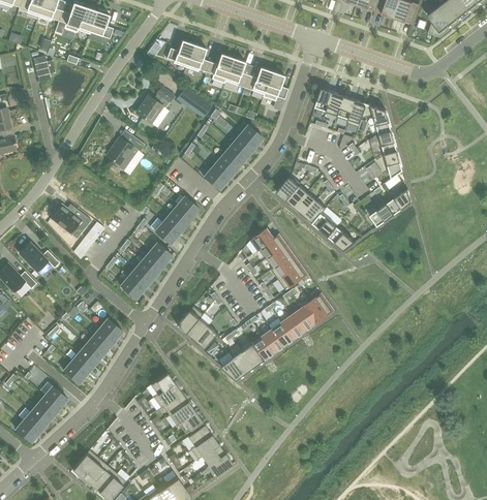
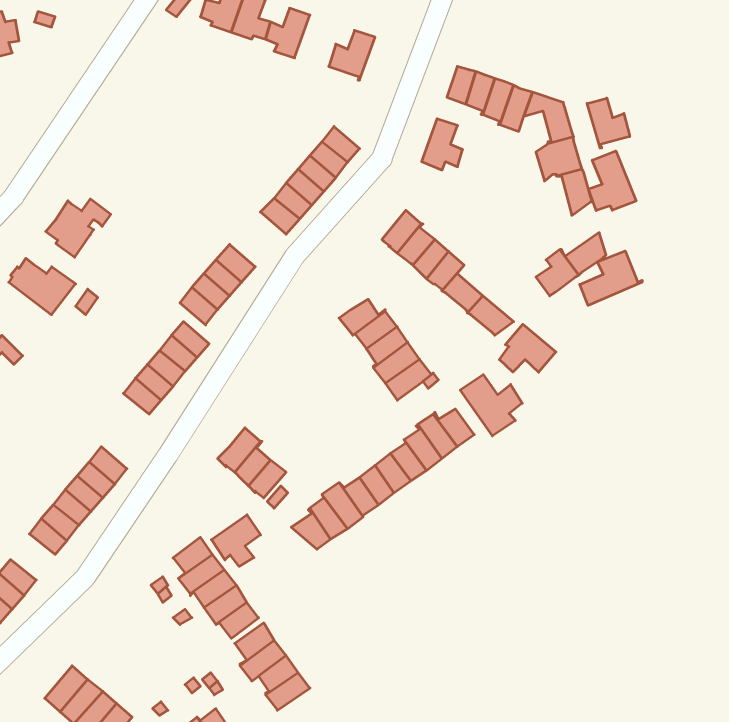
building: [223,57,248,88] -> none
building: [263,70,287,101] -> [422,119,463,170]
building: [135,86,174,127] -> none
building: [177,87,212,118] -> none
building: none -> [587,98,630,148]
building: [105,135,145,170] -> [46,199,111,257]
building: none -> [588,151,636,211]
building: none -> [580,251,642,305]
building: none -> [499,324,556,372]
building: none -> [460,375,522,436]
building: none -> [211,515,261,566]

